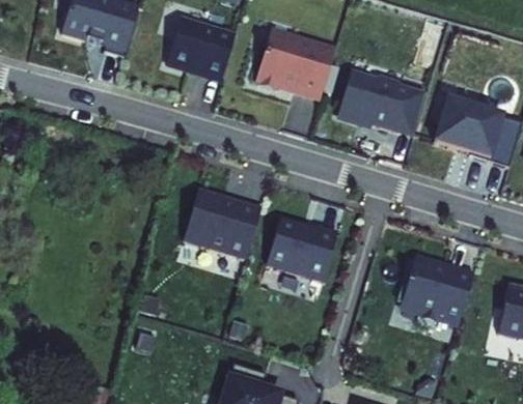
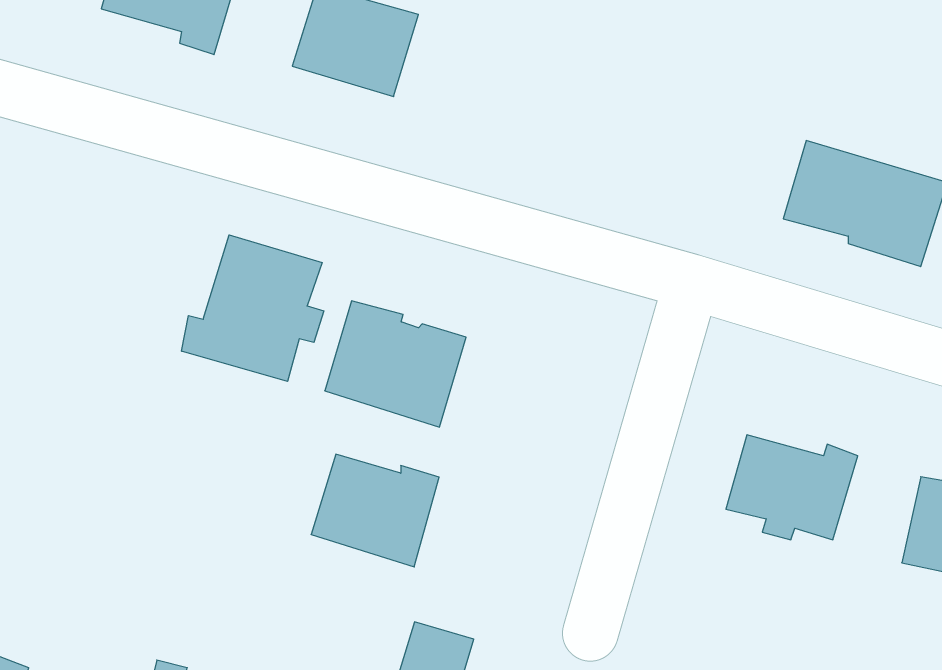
building: [256,32,333,97] -> none
building: [338,70,425,131] -> none
building: none -> [182,235,324,381]
building: [267,219,336,280] -> [311,454,439,567]

